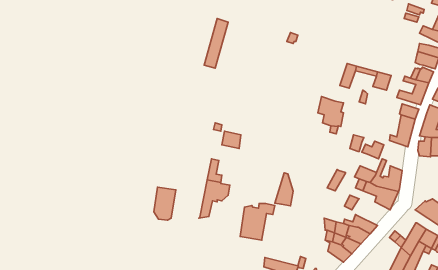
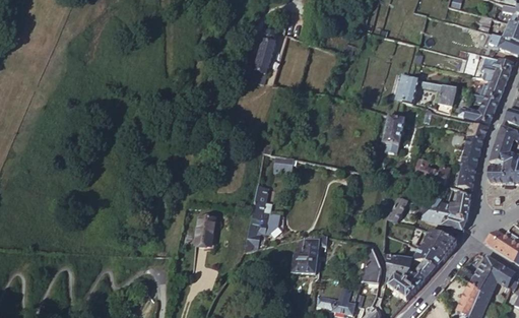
building: none -> [454,164,476,191]
building: [275,173,293,206] -> [361,246,381,282]
building: none -> [420,231,456,259]

